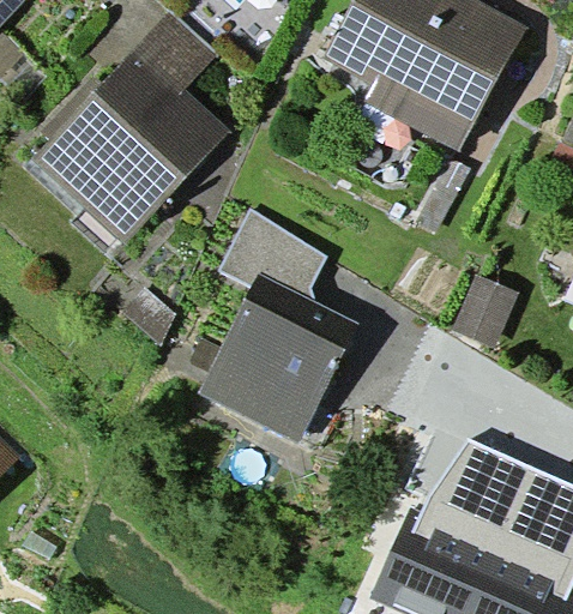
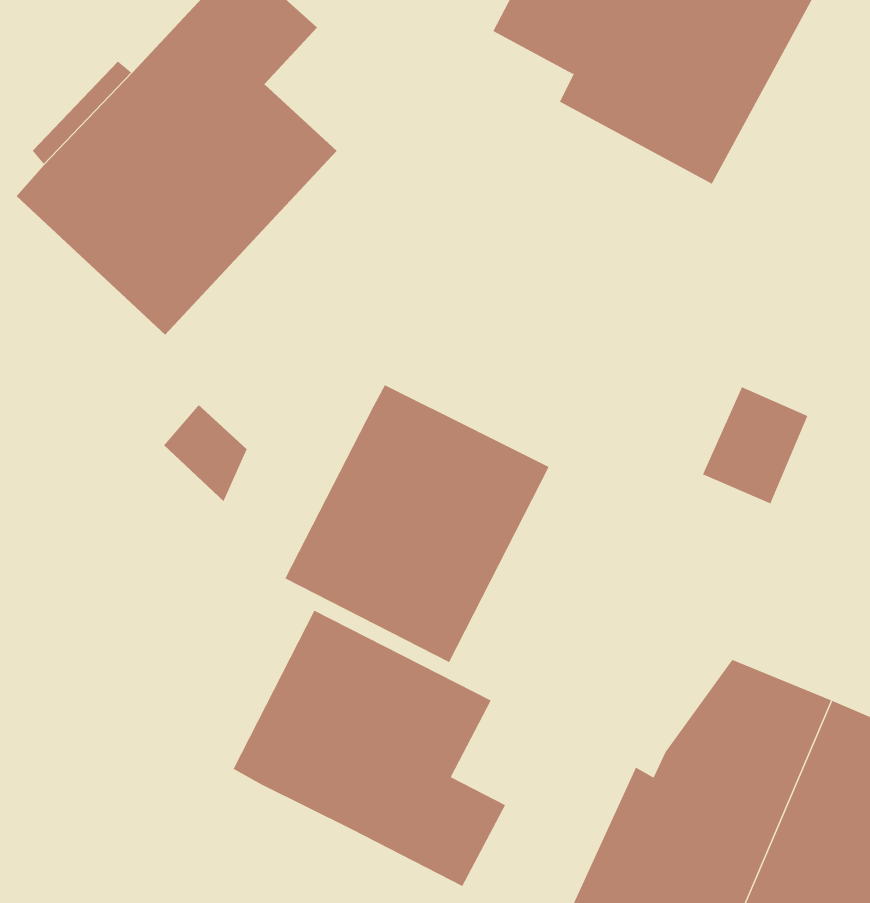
building: [219,209,326,302] -> none
building: none -> [233,610,506,887]

